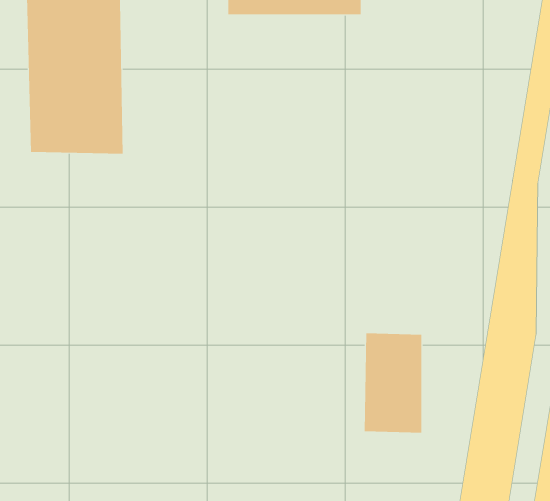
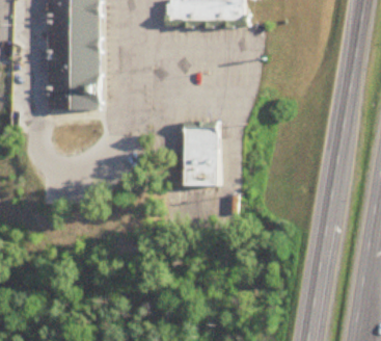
building: [364,333,422,433] -> [186,123,220,182]

